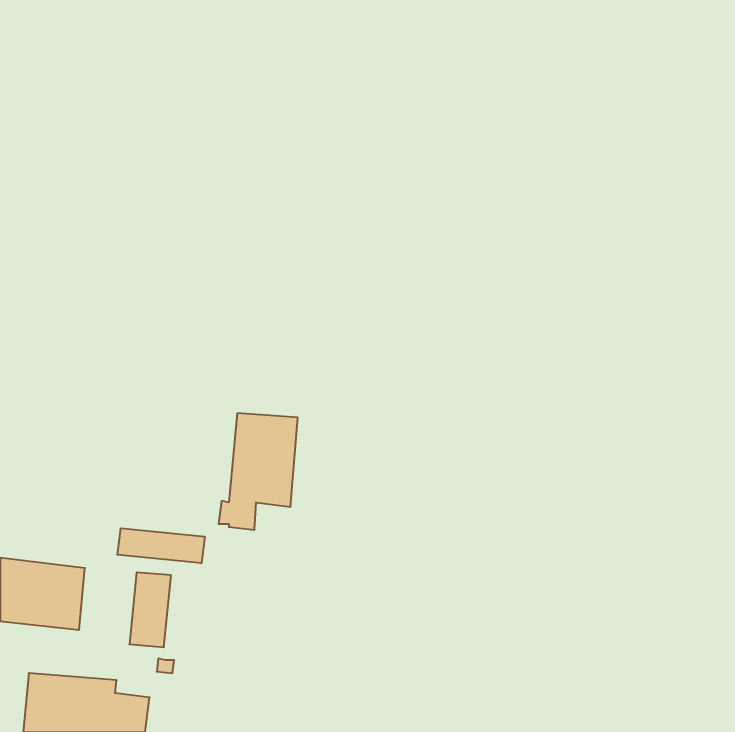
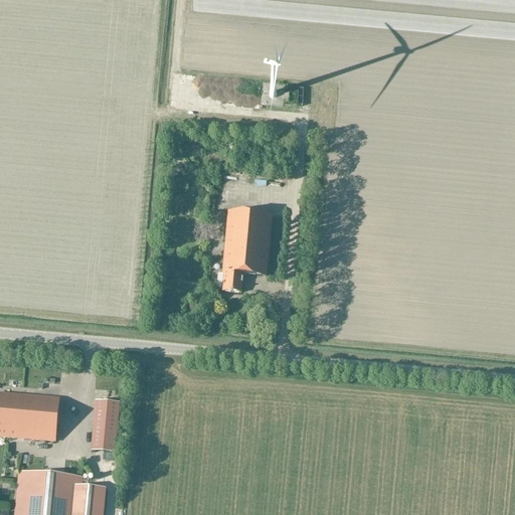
building: [219,413,298,530] -> [216,210,272,292]
building: [117,528,205,563] -> none

